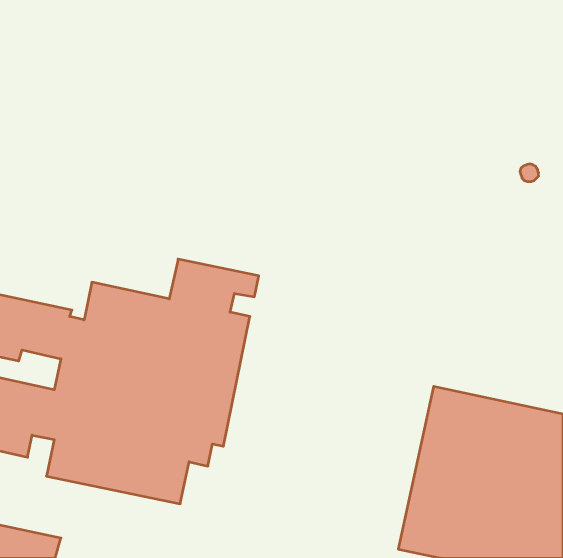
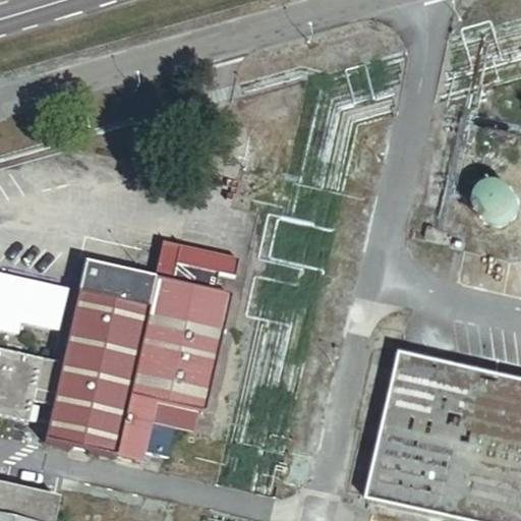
building: none -> [474,184,512,222]

